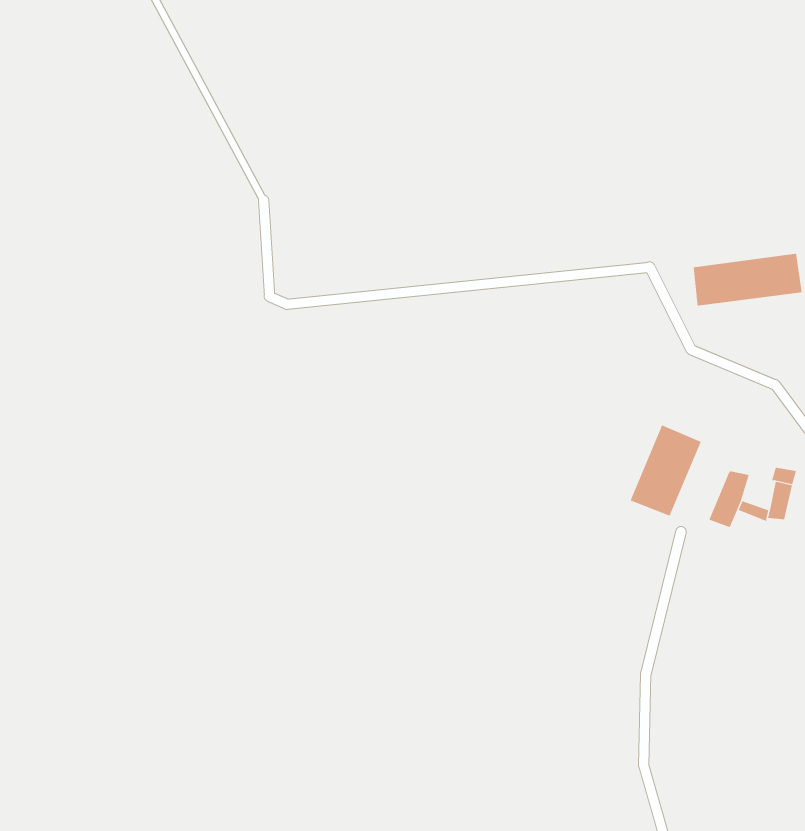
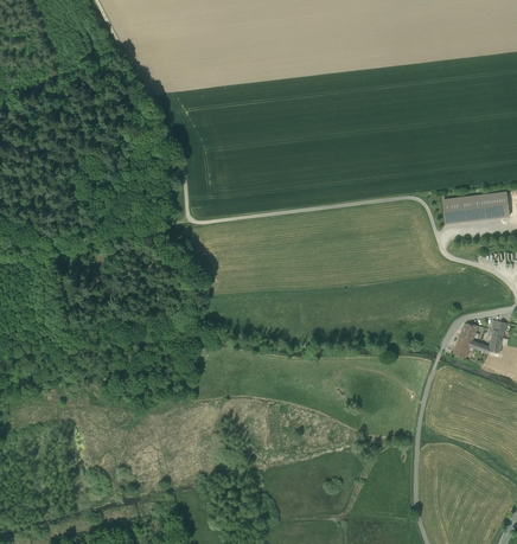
building: [630,424,701,517] -> none

